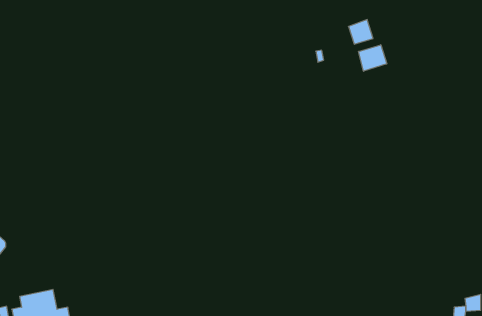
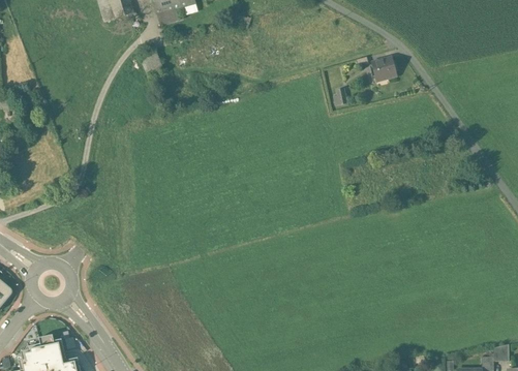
building: [359,45,387,71] -> none

